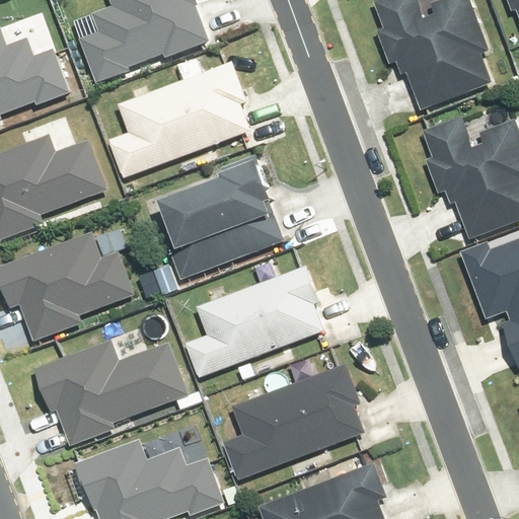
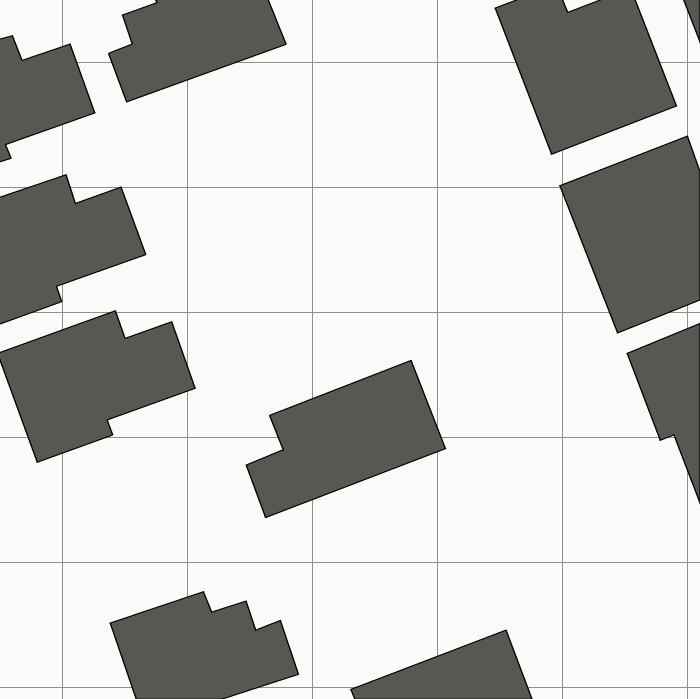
building: [109,60,276,189] -> none
building: [140,157,292,290] -> none
building: [38,338,183,449] -> none
building: [222,369,373,487] -> none

